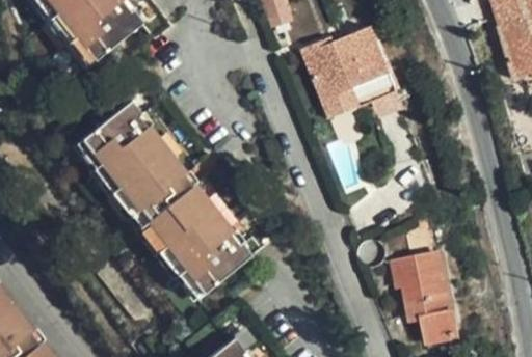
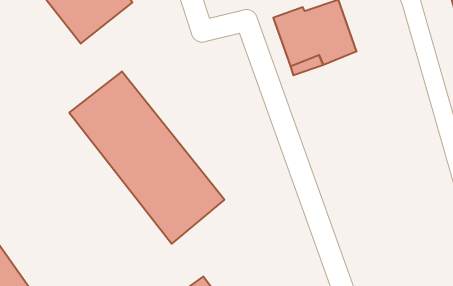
building: [395,248,456,335] -> none

